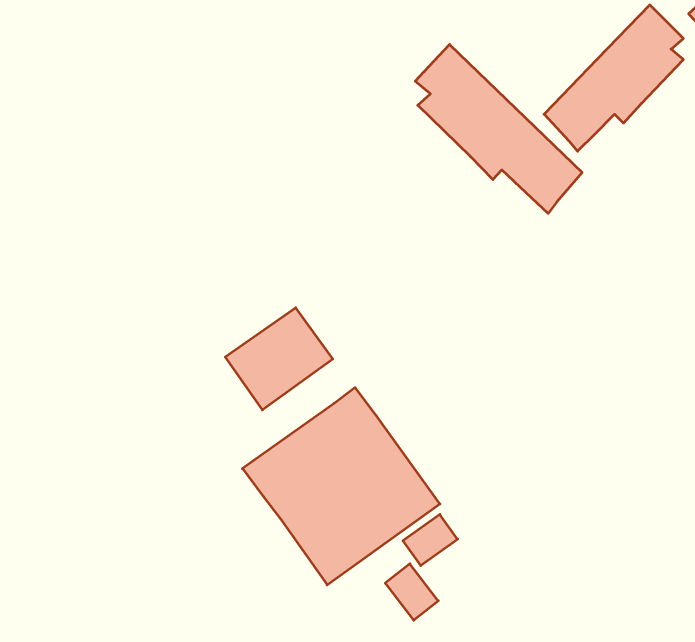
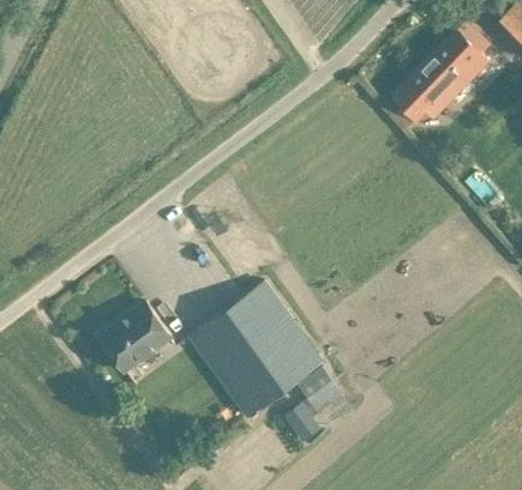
building: [415,44,582,213] -> none
building: [225,308,333,410] -> [98,304,172,374]

